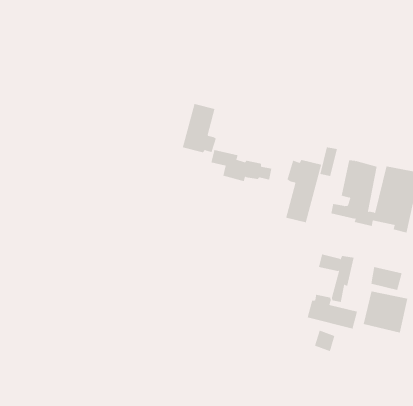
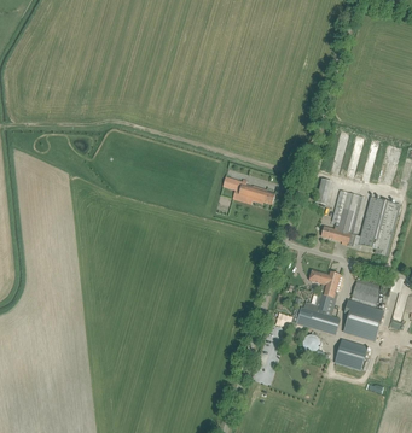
building: [182,103,216,153] -> none
building: [285,159,322,223] -> none
building: none -> [333,338,367,369]

